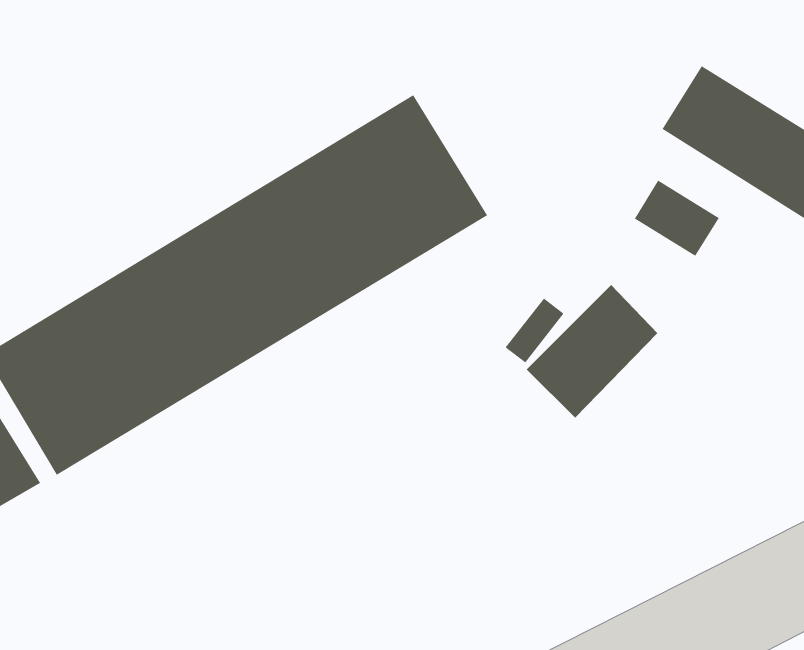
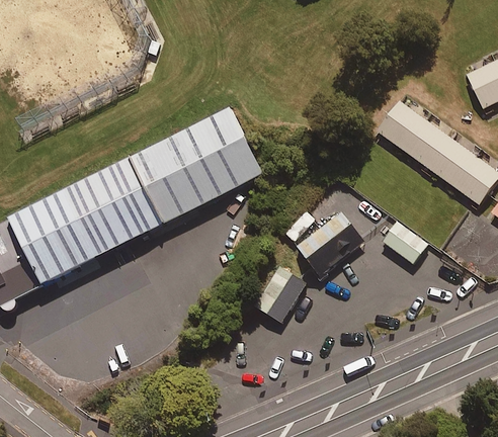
building: [634,180,720,257] -> [380,217,424,259]
building: none -> [253,264,302,318]

